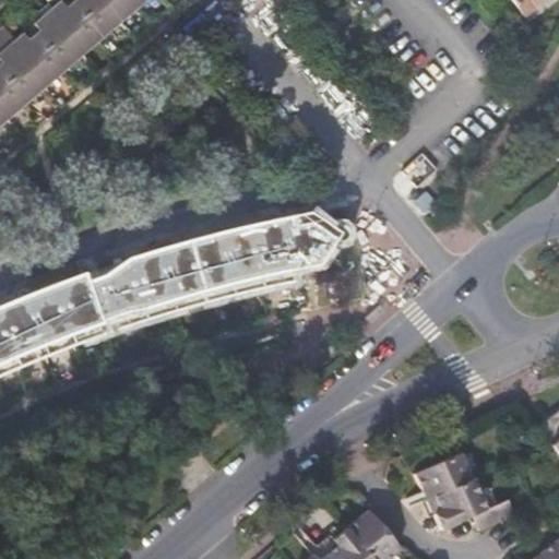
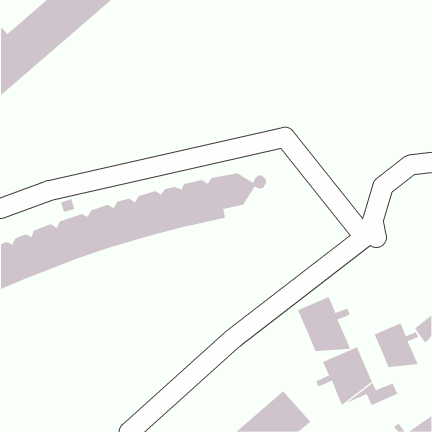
building: none -> [297,296,351,352]
building: none -> [374,323,419,368]

